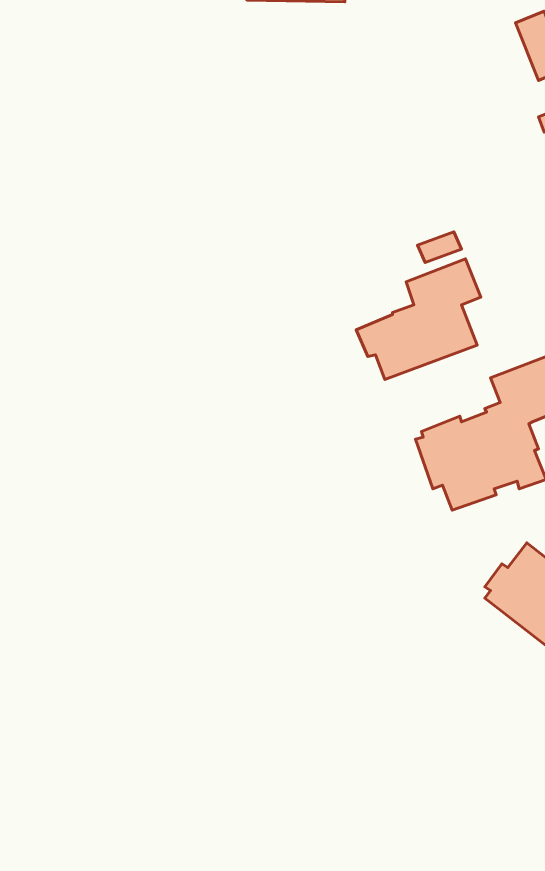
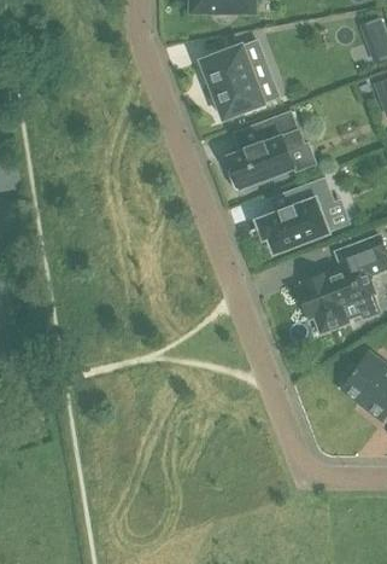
building: none -> [200,45,264,120]
building: none -> [227,111,304,190]

